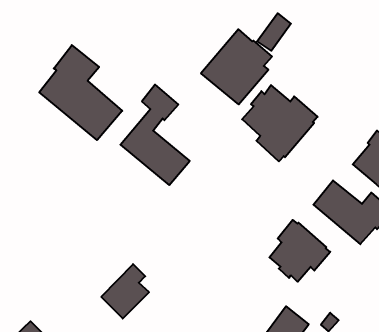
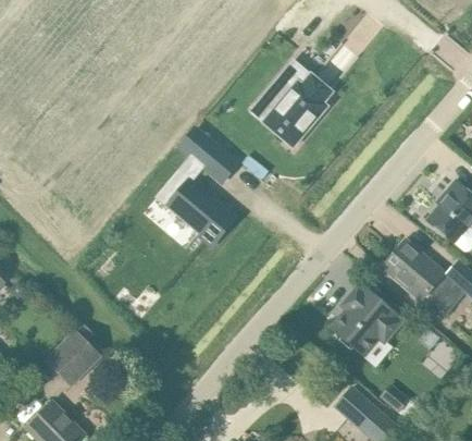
building: [39,45,122,140] -> none
building: [242,85,318,161] -> none
building: [101,264,149,319] -> [47,324,102,388]

